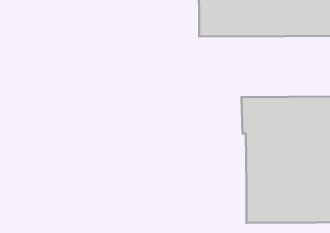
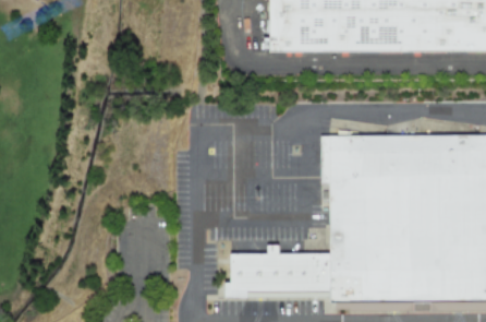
building: none -> [232,251,331,288]

